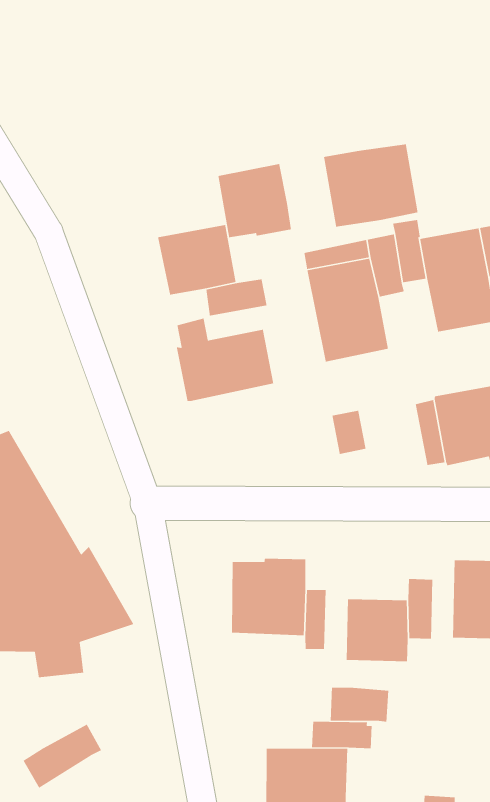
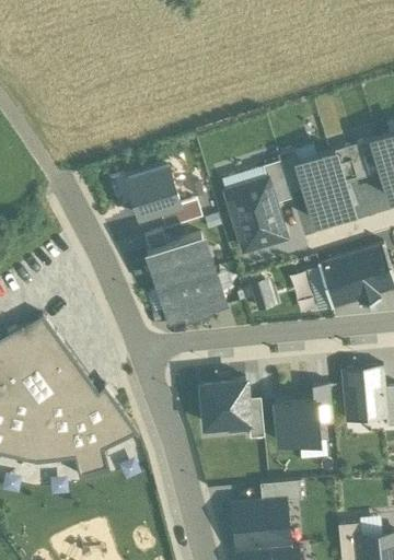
building: [323,144,418,228] -> none
building: [217,163,292,238] -> none
building: none -> [159,268,224,324]
building: [330,687,389,723] -> none
building: [22,724,102,789] -> none

